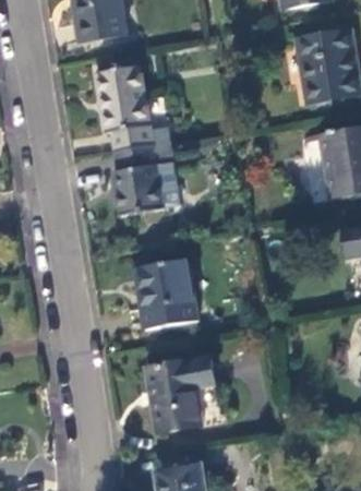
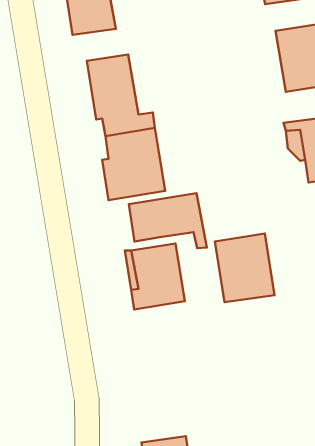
building: none -> [129,193,207,248]
building: none -> [215,233,275,302]
building: [144,358,217,433] -> none

